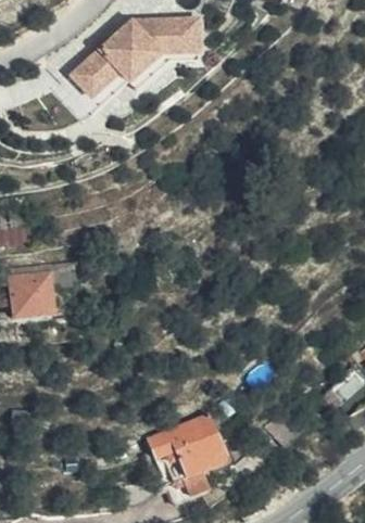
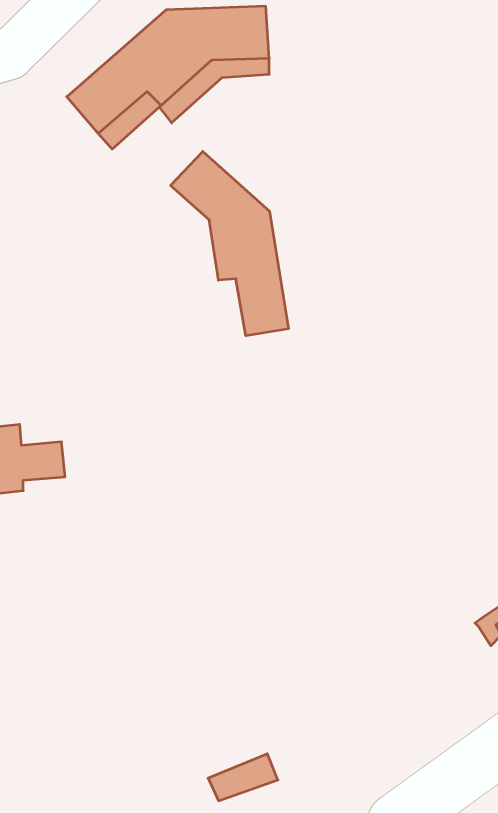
building: none -> [171,151,288,336]
building: [144,413,226,482] -> none

